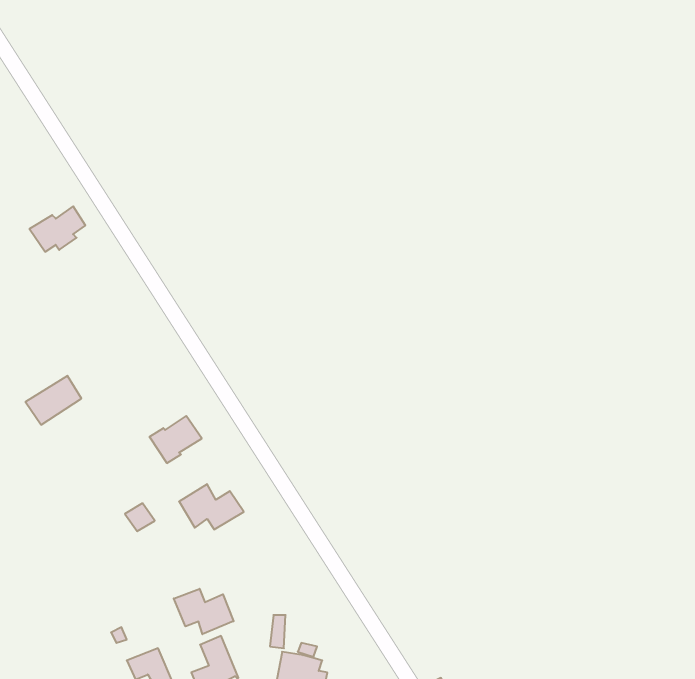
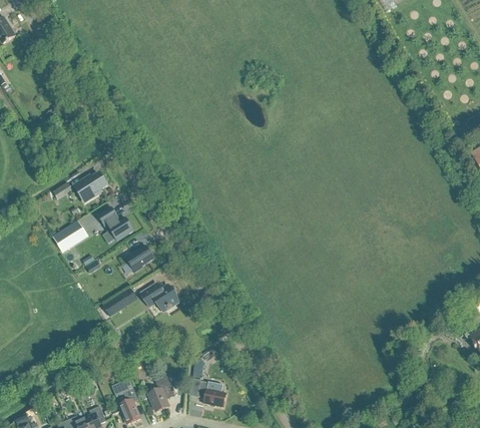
building: [29,206,85,252] -> [74,172,106,198]
building: none -> [98,206,133,240]
building: [174,589,234,634] -> none

